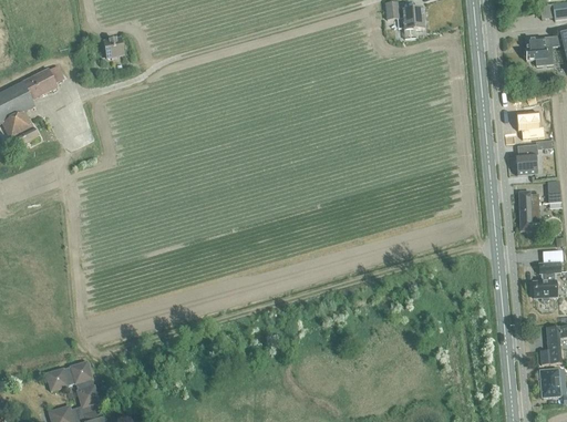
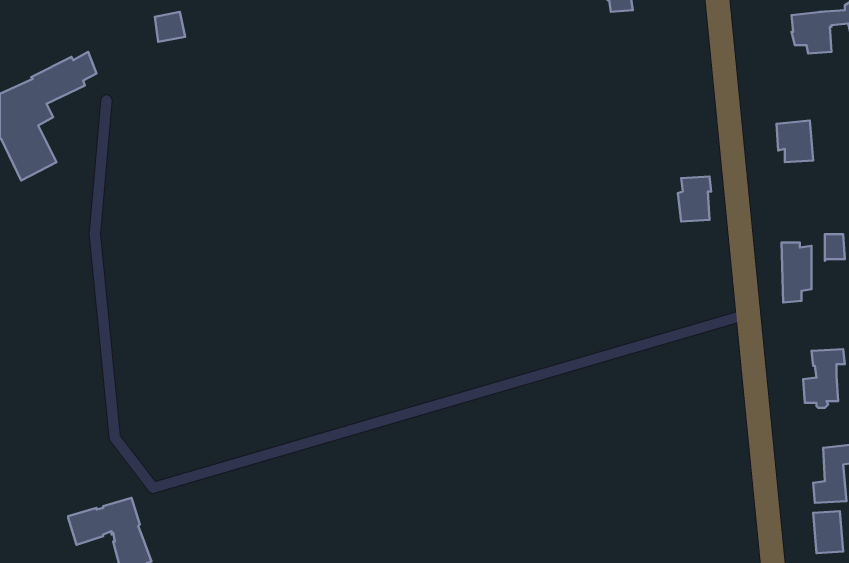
building: [515,143,537,173] -> [678,176,711,221]

